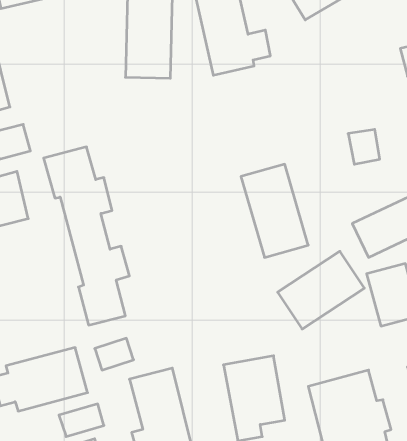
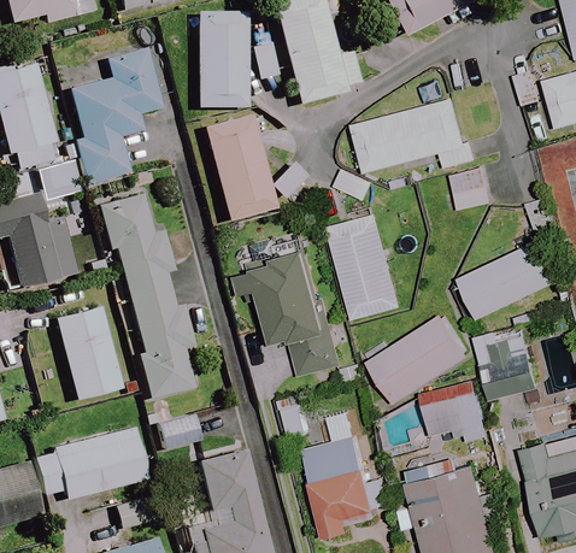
building: none -> [67,51,164,188]
building: none -> [358,98,478,171]
building: none -> [202,116,272,220]
building: none -> [236,245,337,376]
building: none -> [55,310,119,400]
building: none -> [422,380,493,442]

